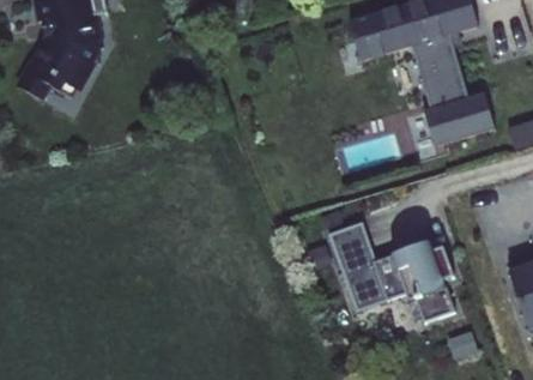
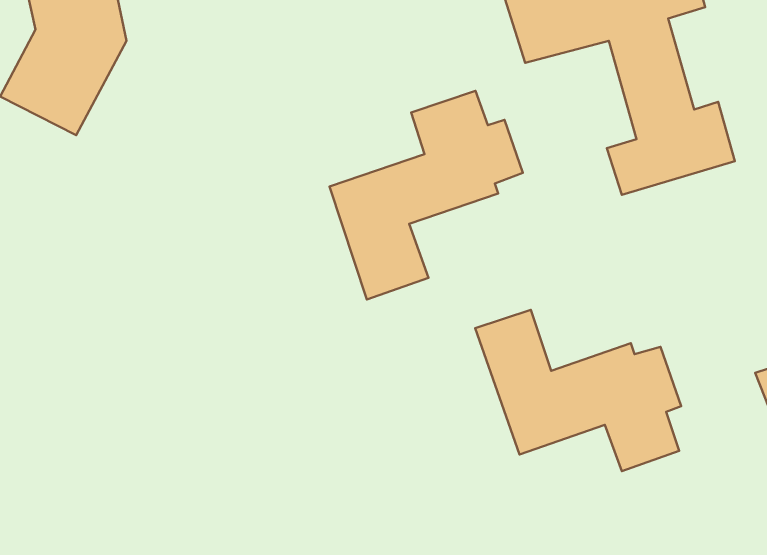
building: none -> [329,91,523,299]

